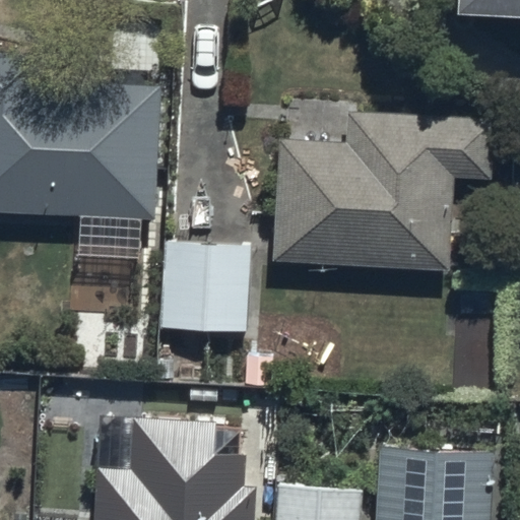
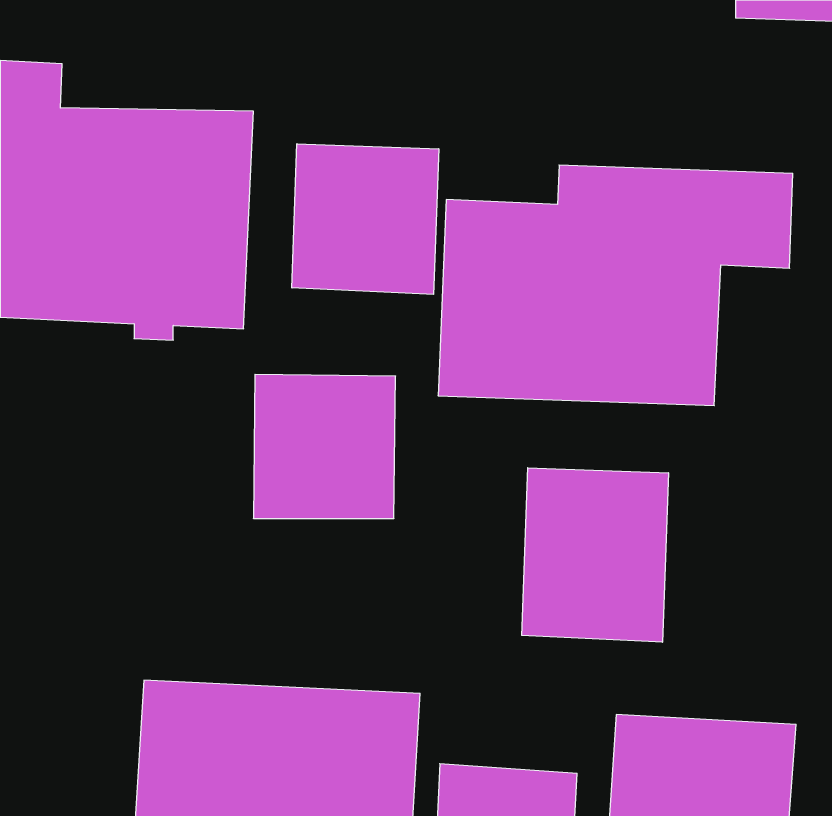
building: none -> [292,144,439,294]
building: none -> [522,468,668,642]

